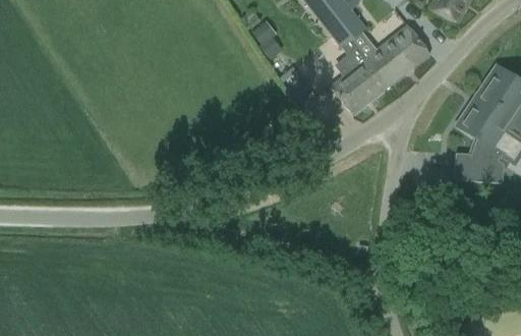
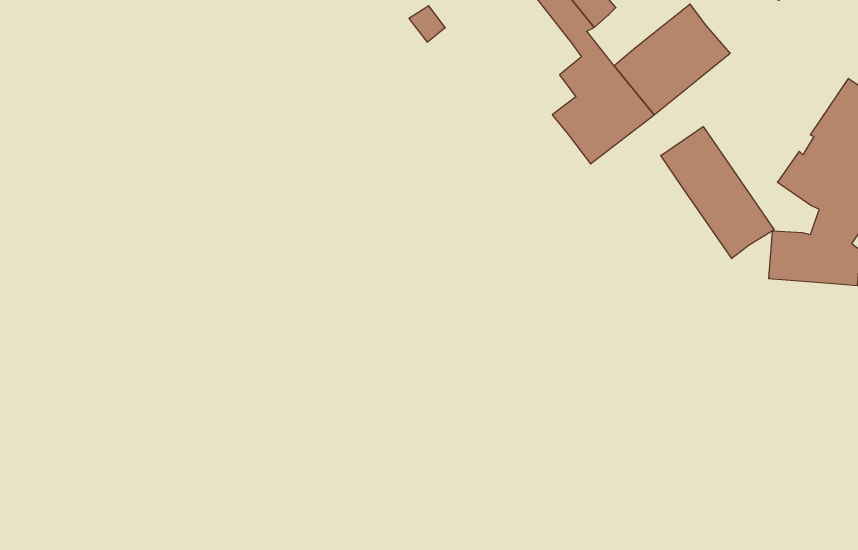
building: none -> [661,127,774,259]

